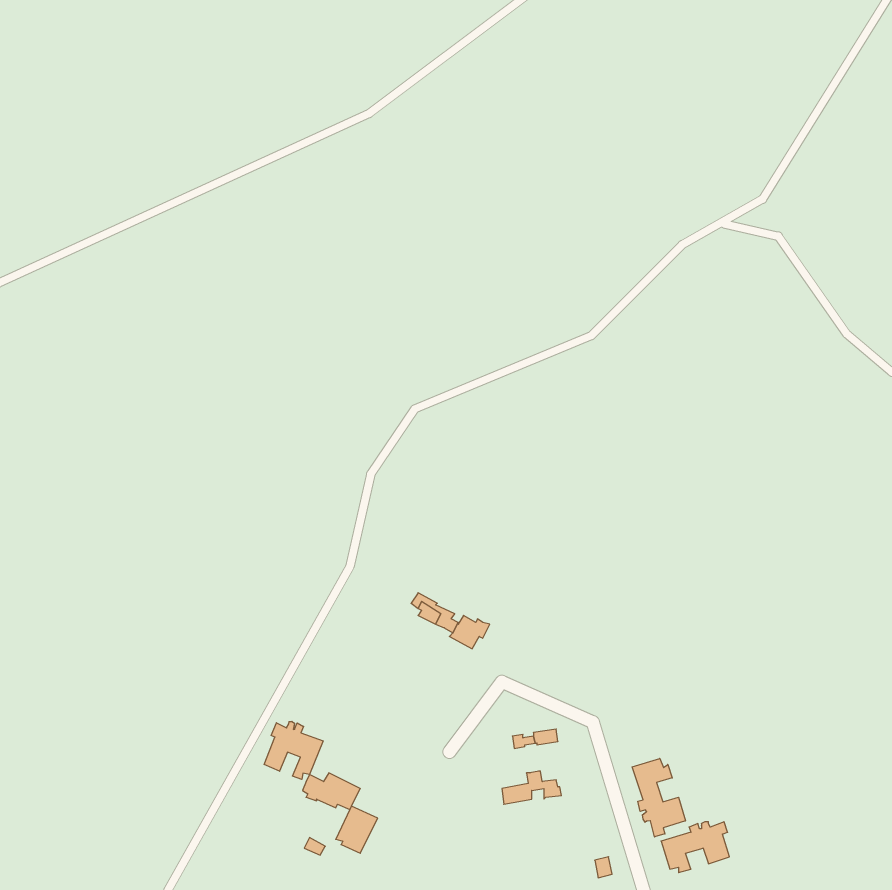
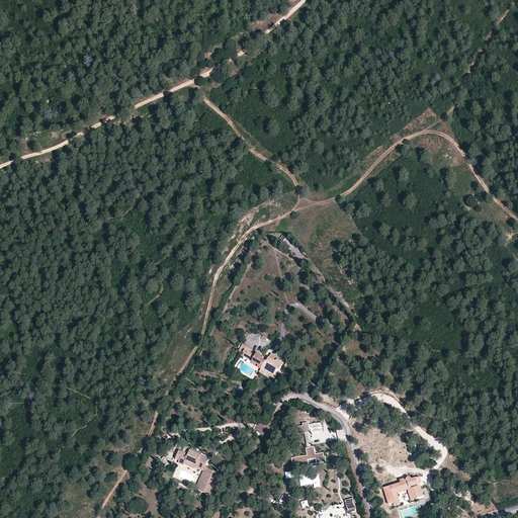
building: [264,721,323,779] -> none
building: [632,758,685,837] -> none

